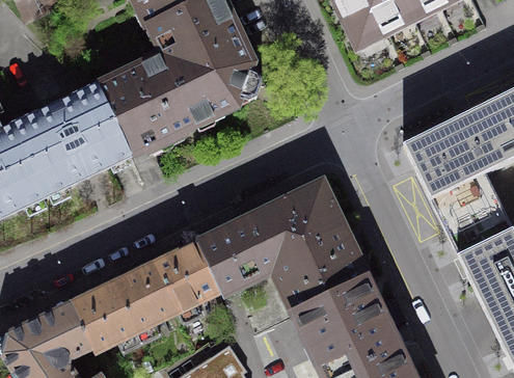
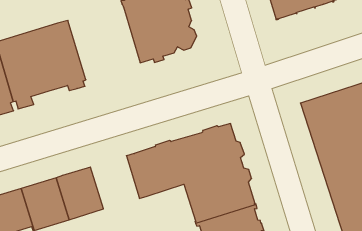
building: [99,56,196,154] -> none
building: [154,241,220,322] -> none

